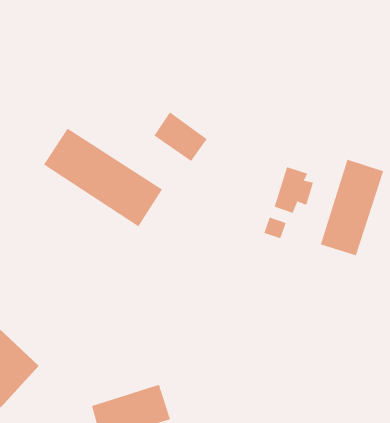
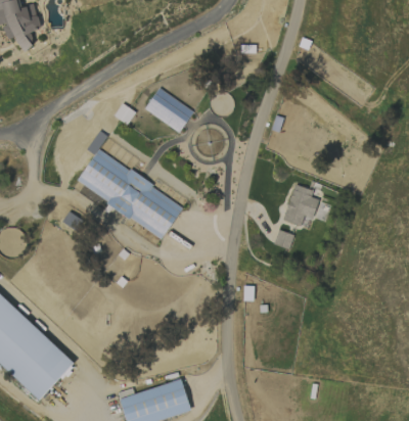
building: [154,112,207,162] -> [145,88,193,133]
building: [320,159,384,256] -> none

